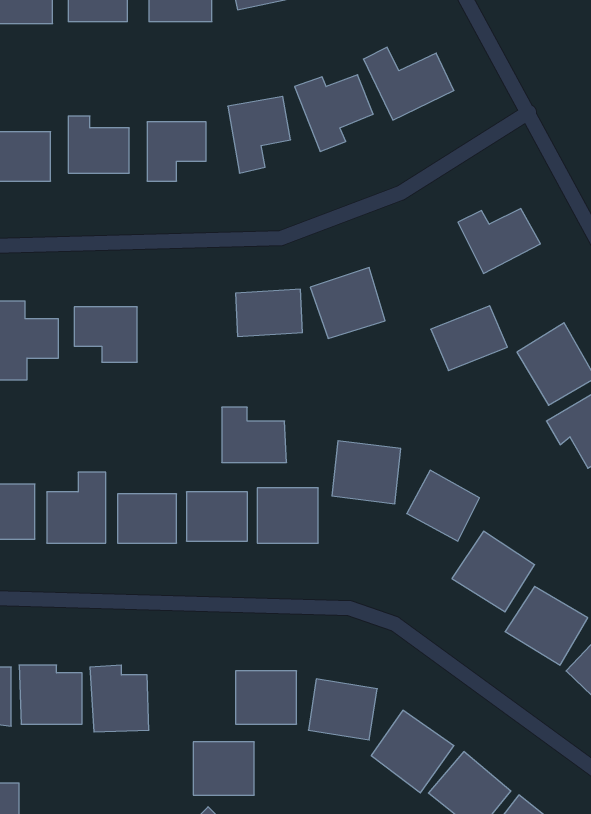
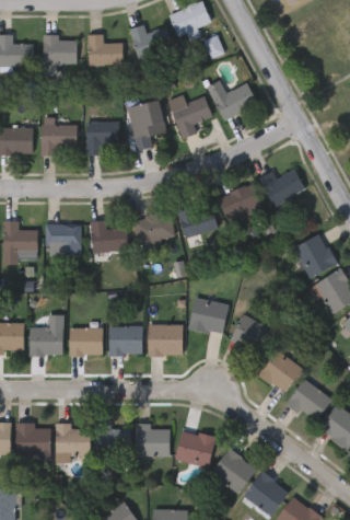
building: [431,306,507,371] -> [219,184,261,220]
building: [222,407,287,462] -> [92,221,128,252]
building: [193,742,254,795] -> [96,425,130,454]

